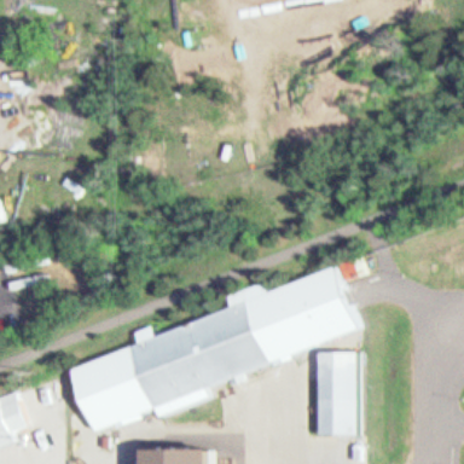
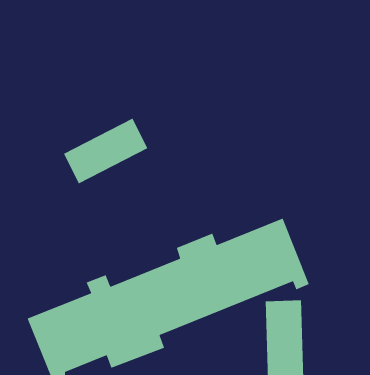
building: none -> [63,118,148,184]

